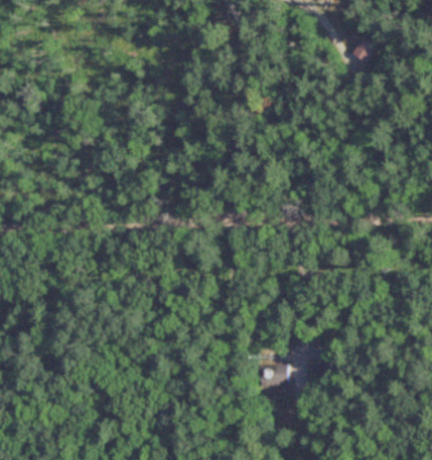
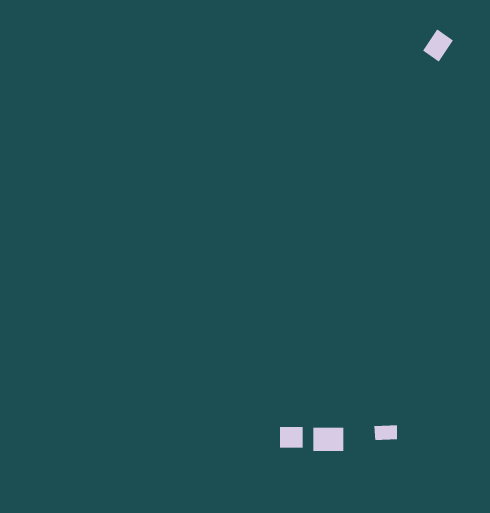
building: none -> [279,426,303,448]

